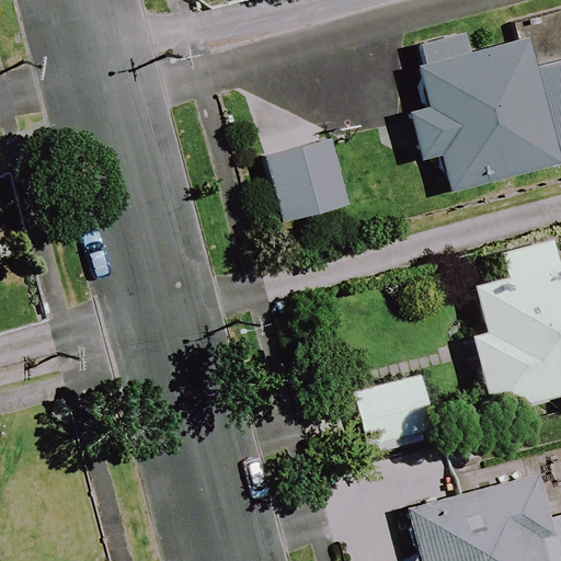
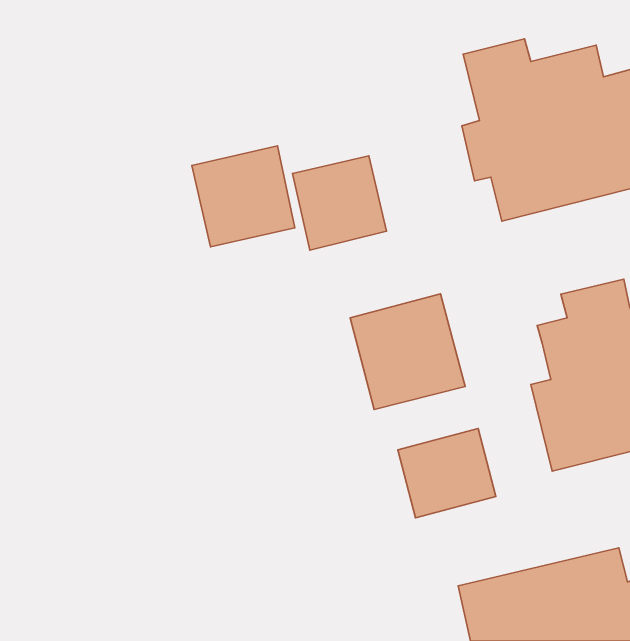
building: none -> [192,146,295,247]
building: none -> [350,294,465,409]

